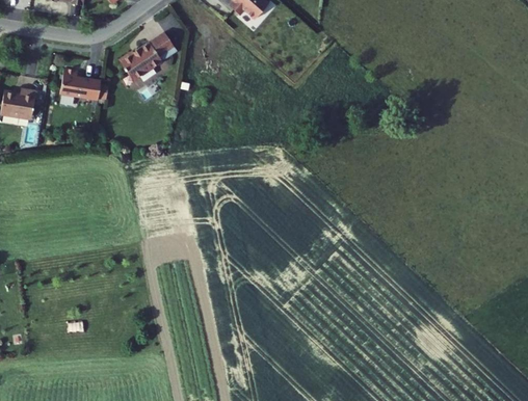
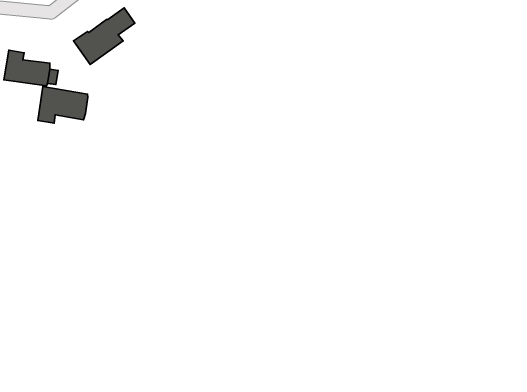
building: none -> [38,86,88,123]

